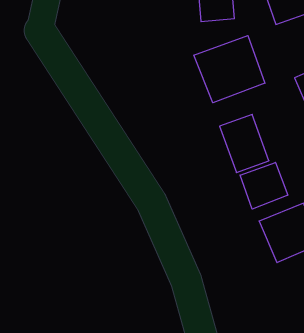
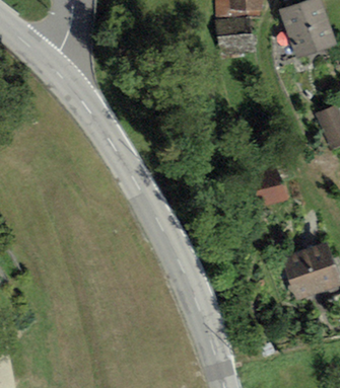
building: [194,36,265,103] -> none
building: [240,162,288,209] -> none

